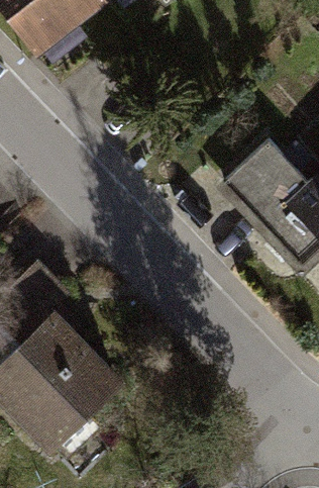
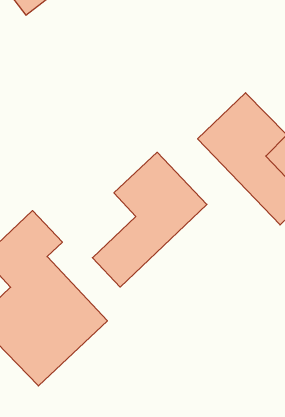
building: none -> [92,152,207,287]

